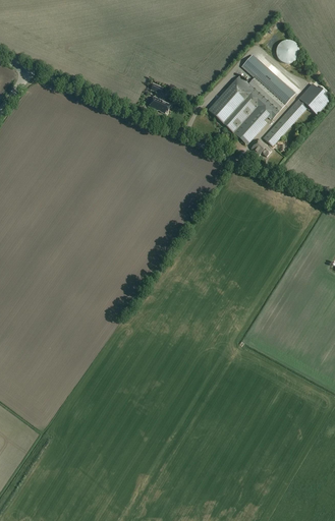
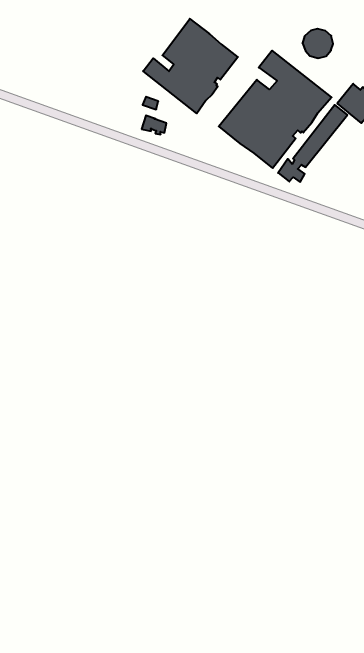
building: none -> [143,19,238,113]

